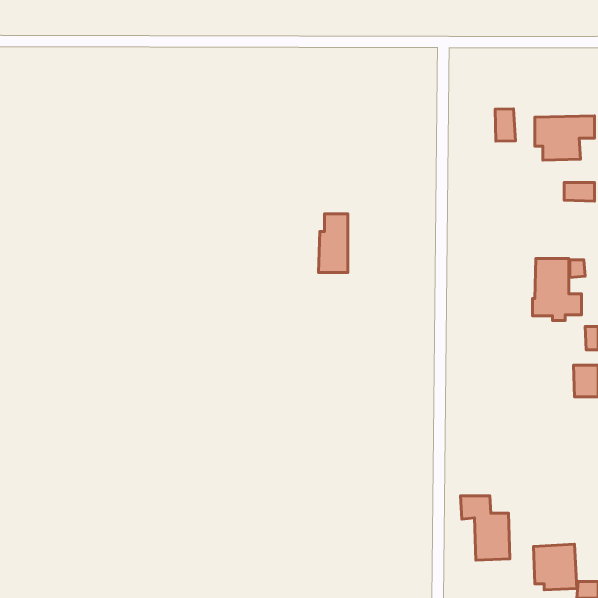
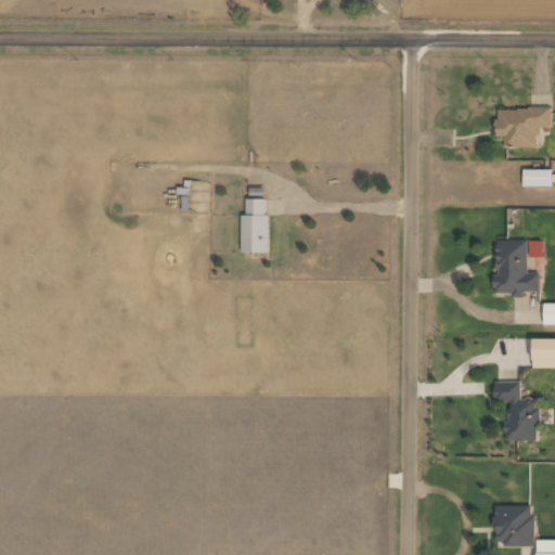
building: [495,109,515,141] -> none
building: [319,214,348,272] -> [240,198,267,253]
building: [461,496,510,560] -> [492,382,538,441]

